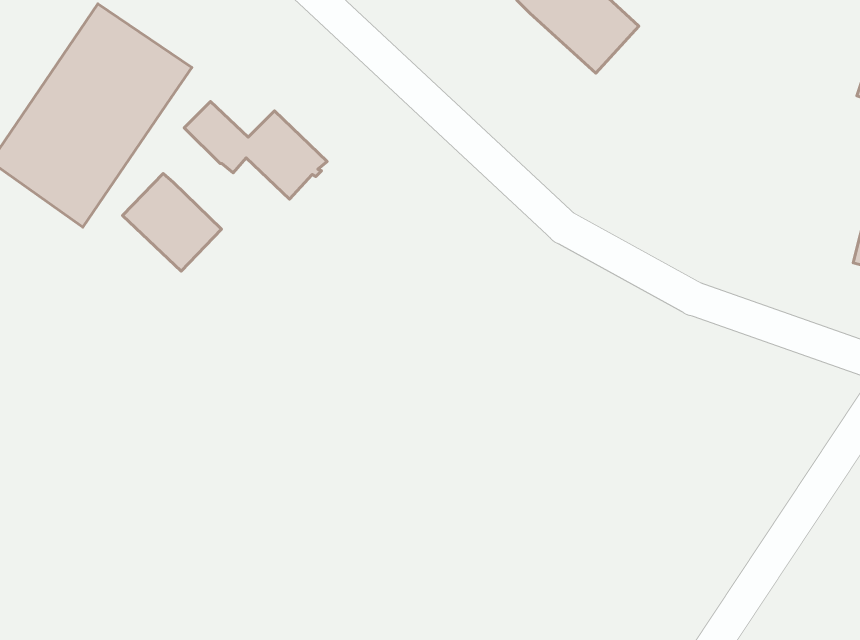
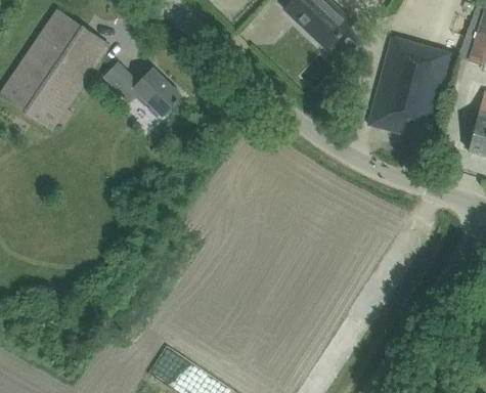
building: none -> [368,38,453,133]
building: [123,173,222,271] -> none

